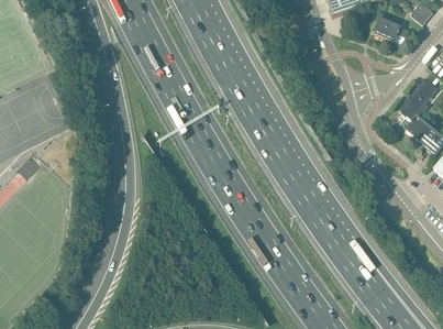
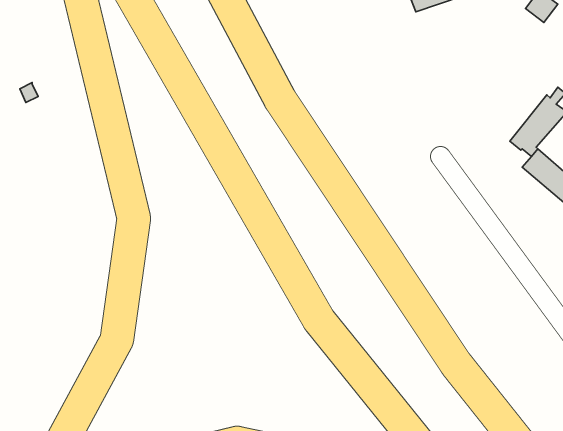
building: [374,17,409,43] -> none

